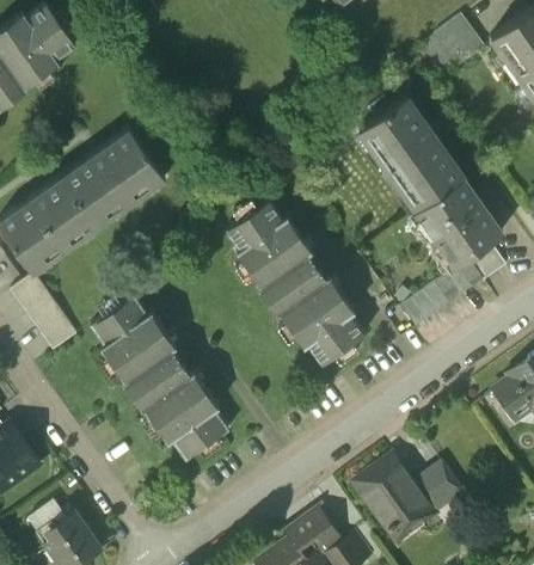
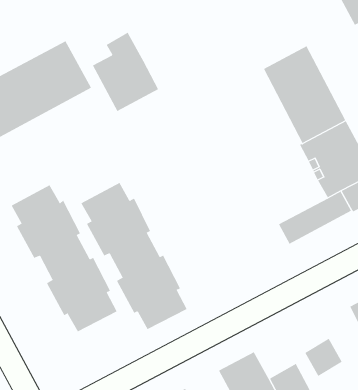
building: none -> [92,32,159,112]
building: [225,201,363,366] -> [81,182,187,330]
building: none -> [305,338,343,377]

